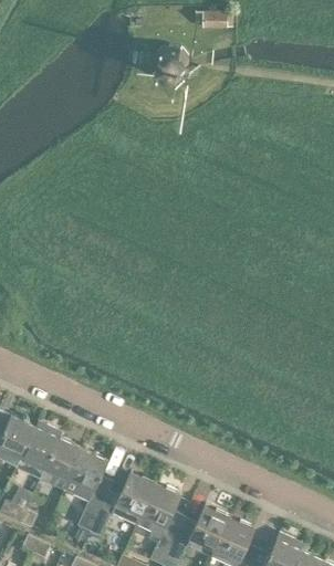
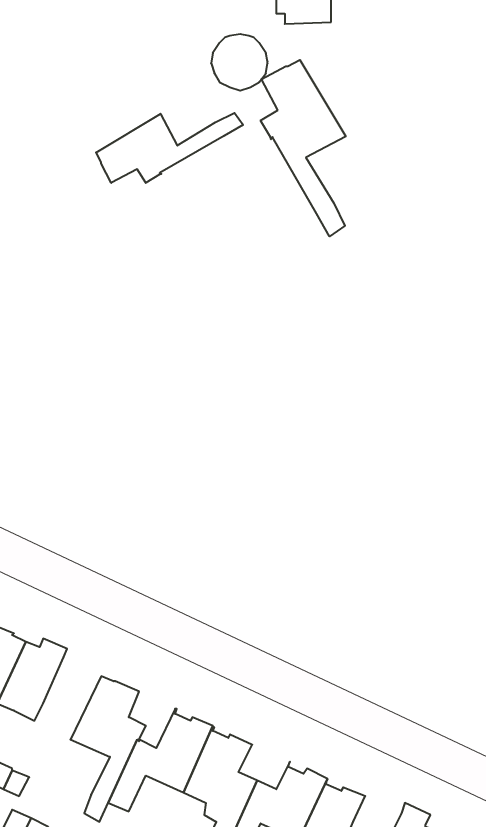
building: none -> [261,60,346,236]
building: none -> [96,113,243,183]
building: [40,437,83,490] -> none

